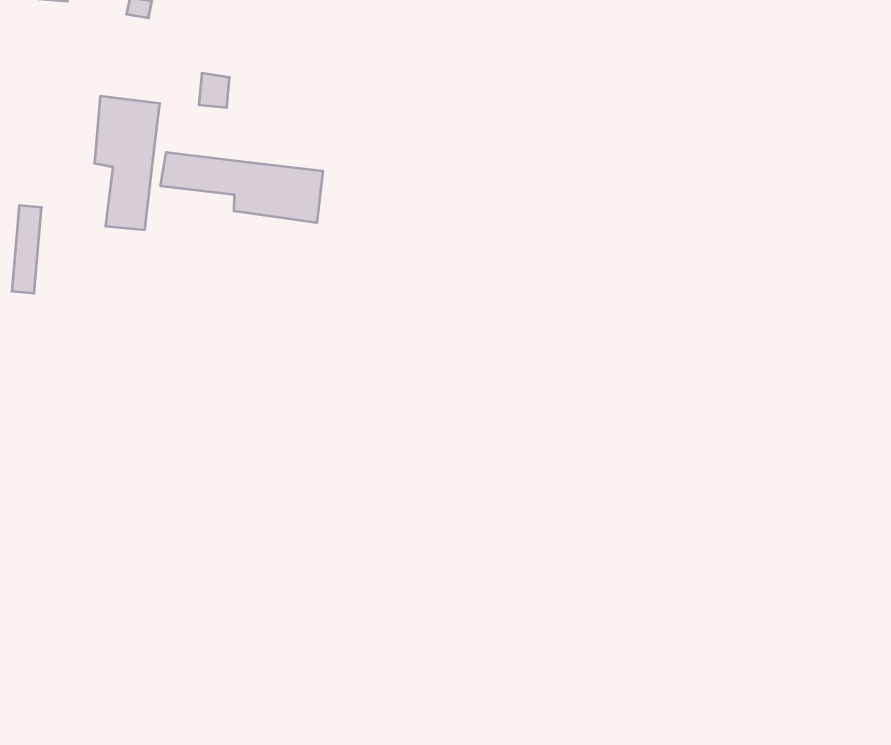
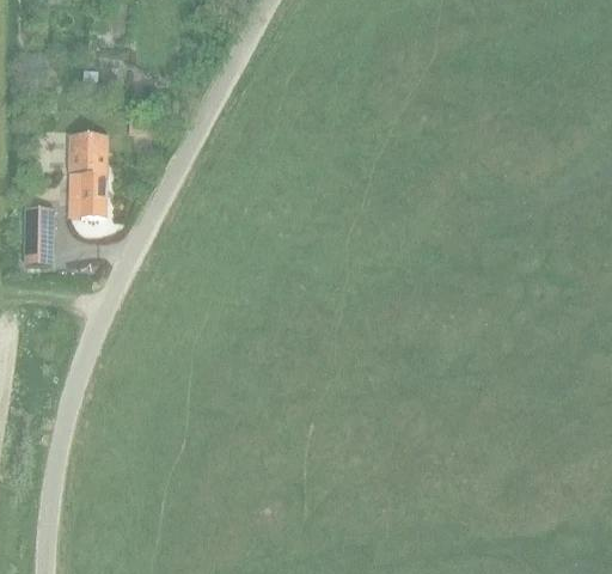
building: [161,152,323,223] -> none

